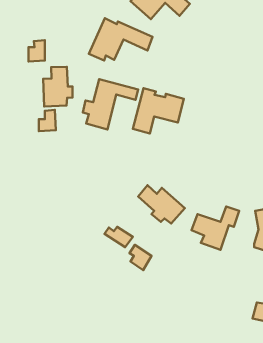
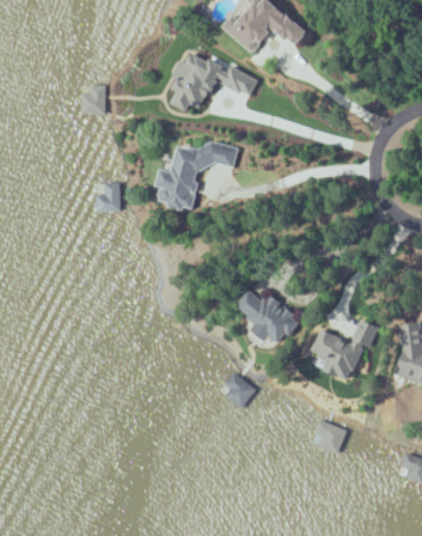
building: [43,67,72,107] -> none
building: [133,88,184,134] -> none
building: [104,227,133,247] -> none
building: none -> [310,420,347,452]

